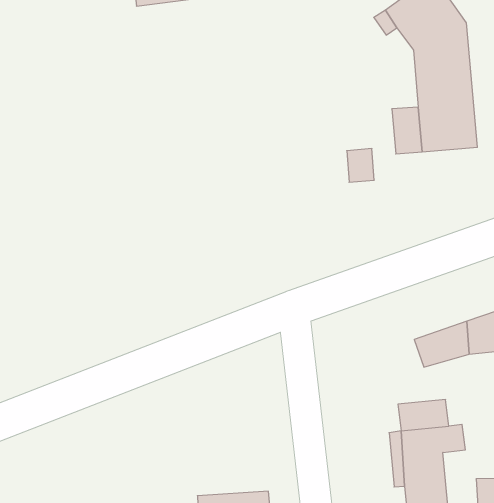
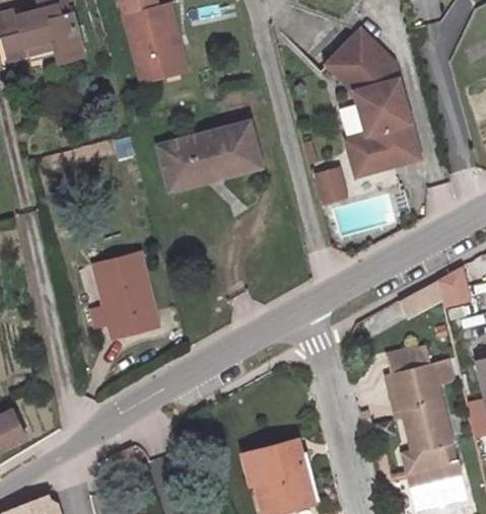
building: none -> [161,123,259,185]
building: none -> [84,264,144,343]

